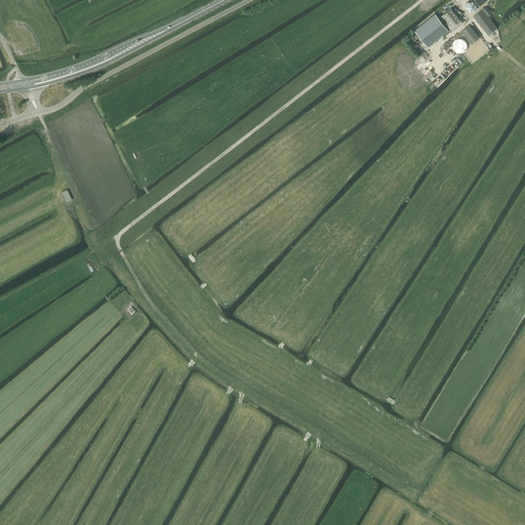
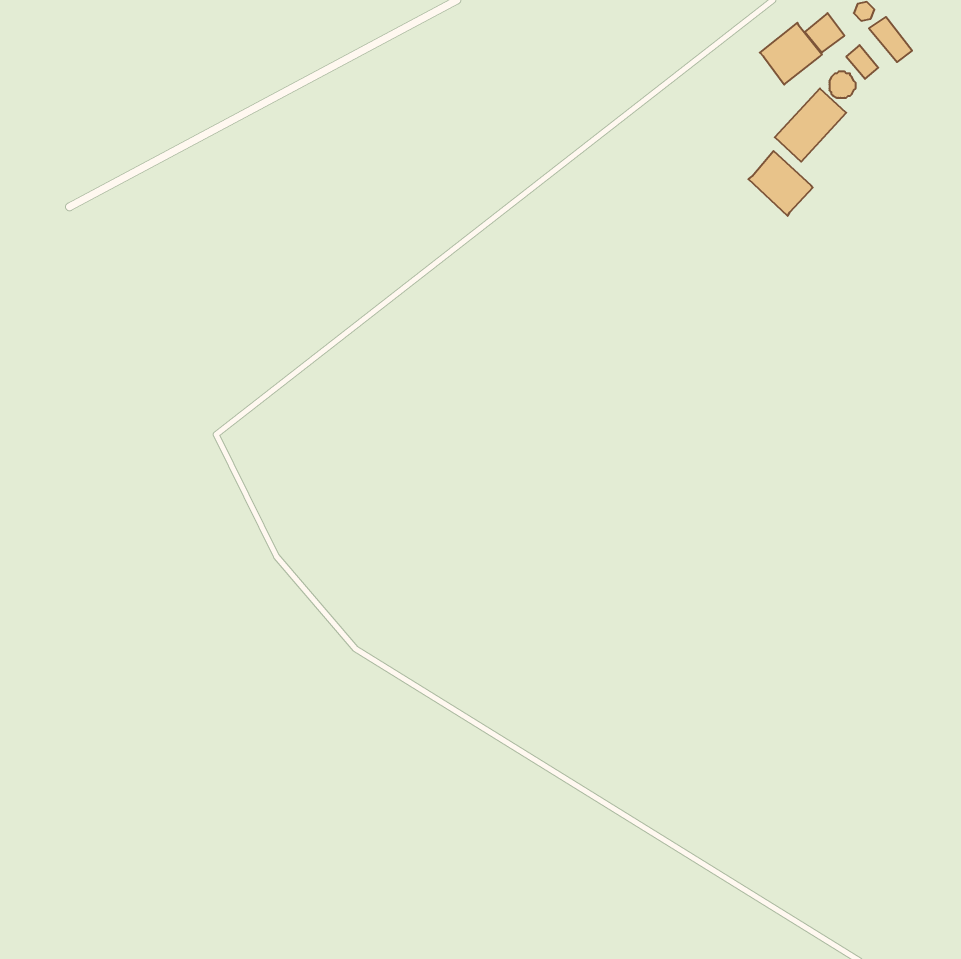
building: none -> [748,151,813,216]

